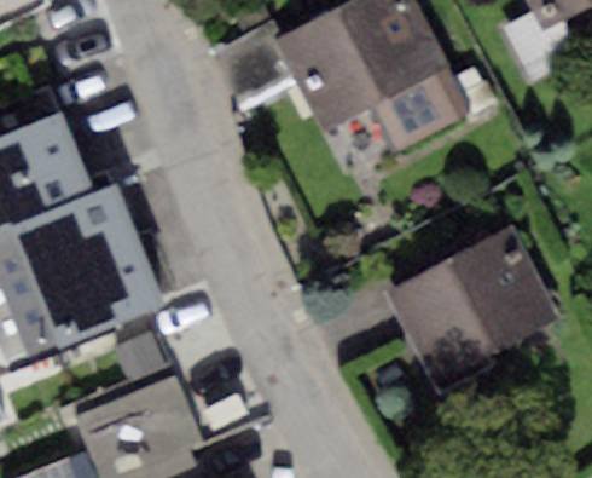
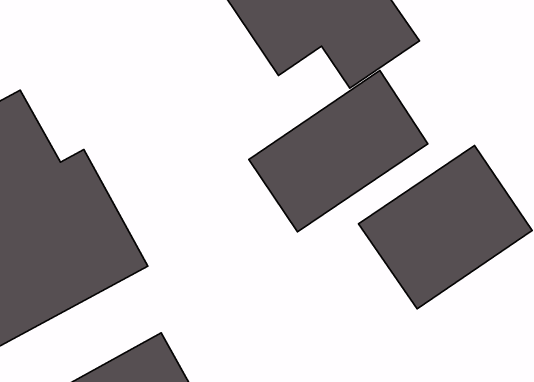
building: none -> [249,71,428,232]

